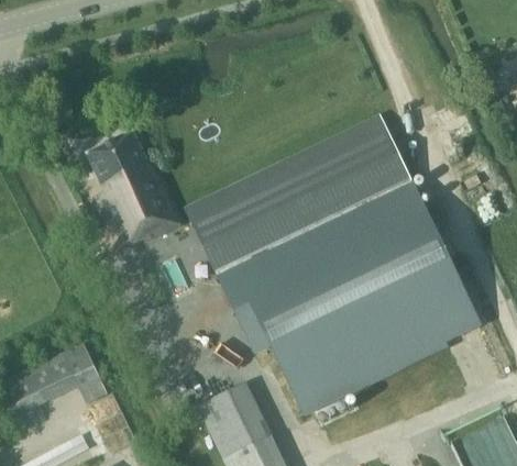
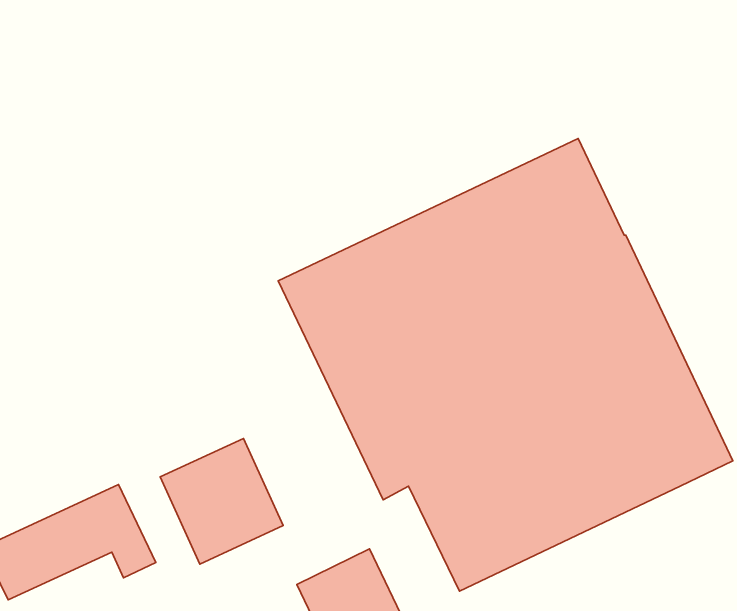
building: [87,132,183,247] -> none
building: none -> [160,438,283,564]

